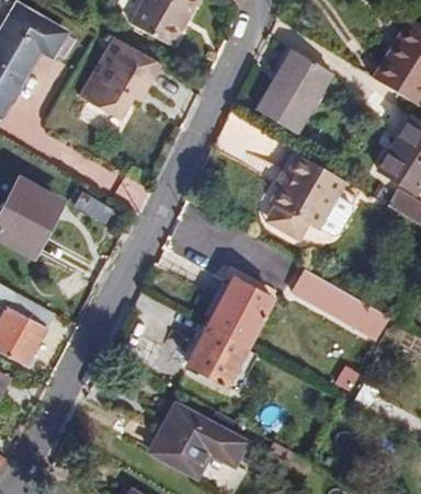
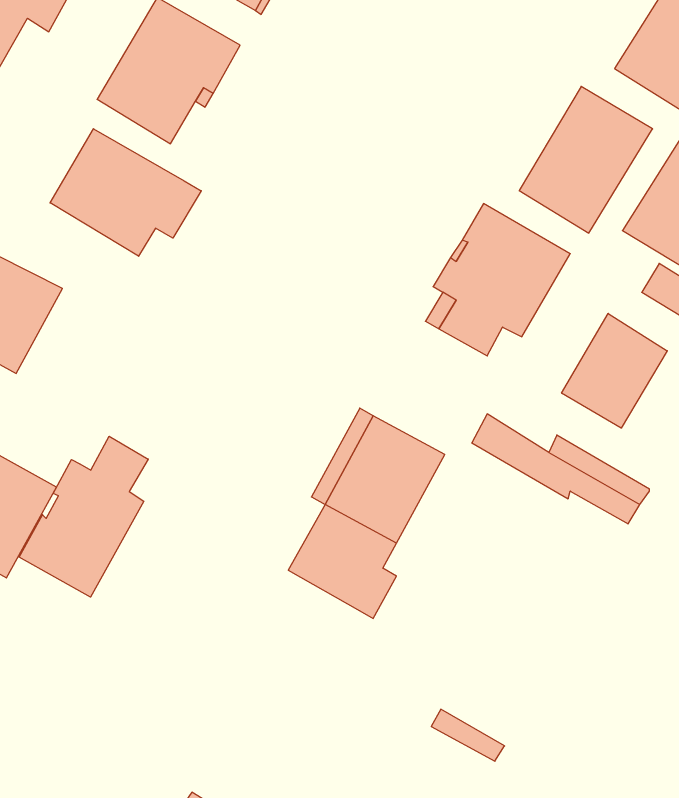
building: [255,49,331,133] -> [519,86,653,233]
building: none -> [50,129,201,256]
building: none -> [562,313,667,428]
building: none -> [19,436,148,597]
building: [150,404,247,475] -> none

